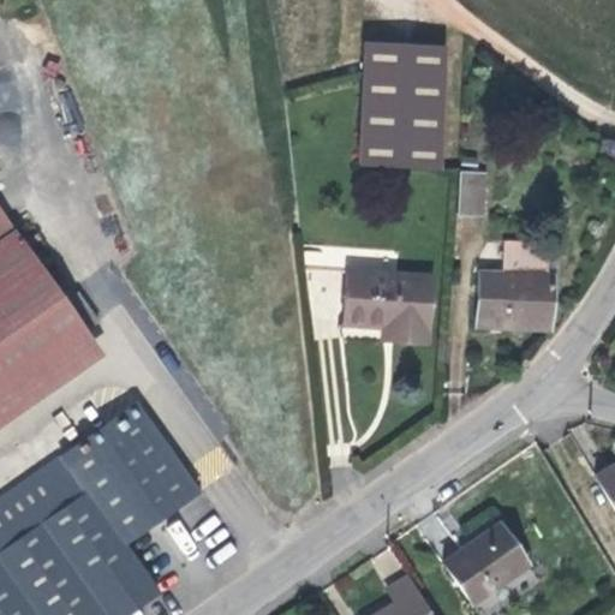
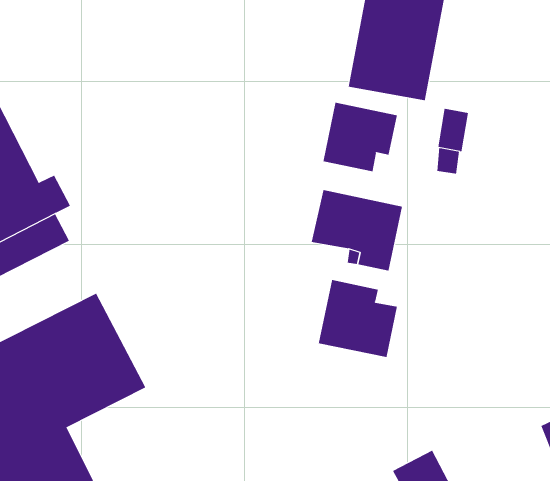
building: none -> [323,102,397,172]
building: [476,241,554,330] -> none
building: none -> [318,279,398,358]

